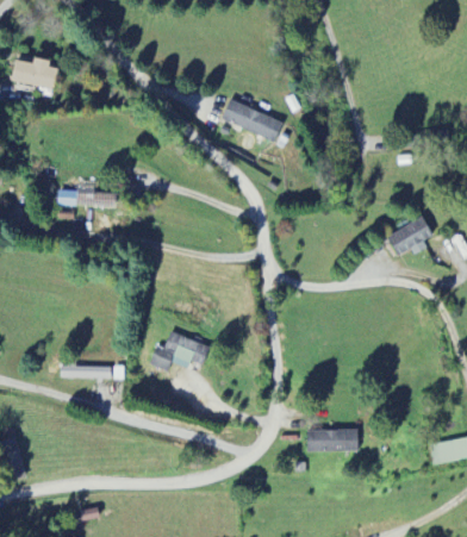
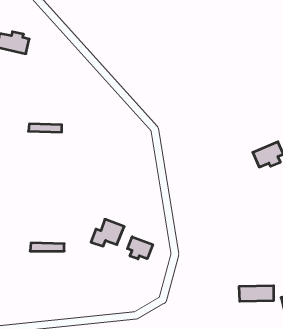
building: [220,99,284,142] -> none
building: none -> [127,237,153,259]
building: [307,429,359,451] -> [239,286,274,301]

